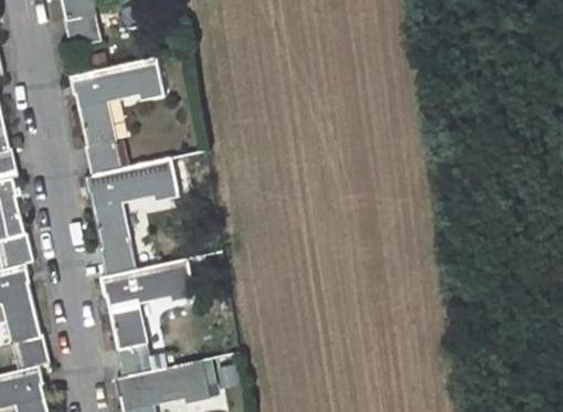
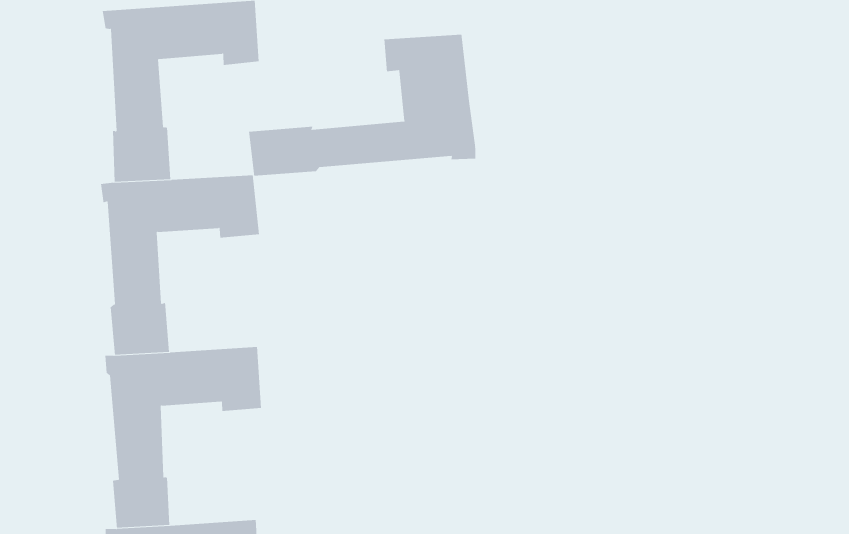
building: none -> [248,34,476,176]

